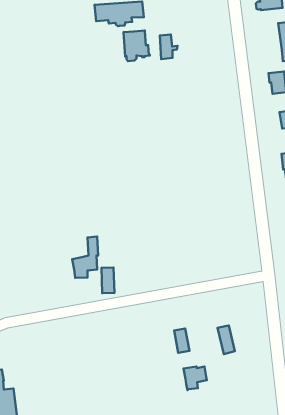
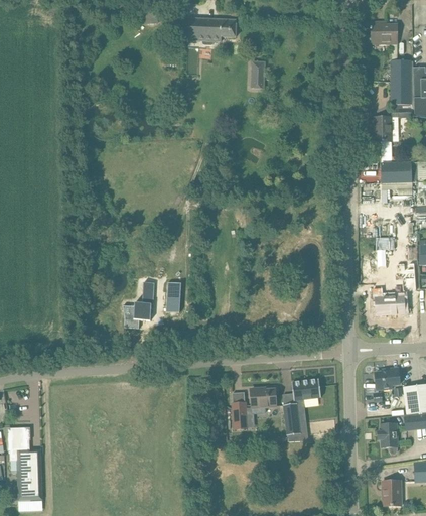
building: [124,31,150,61] -> none
building: [101,268,114,293] -> [165,282,181,312]
building: none -> [292,379,321,400]
building: [184,366,207,390] -> [251,388,276,414]

